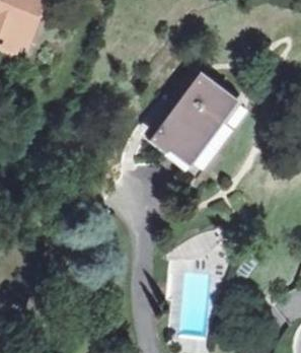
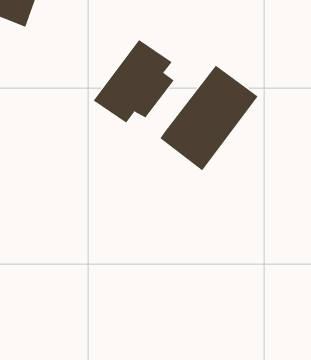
building: none -> [93,39,175,124]

